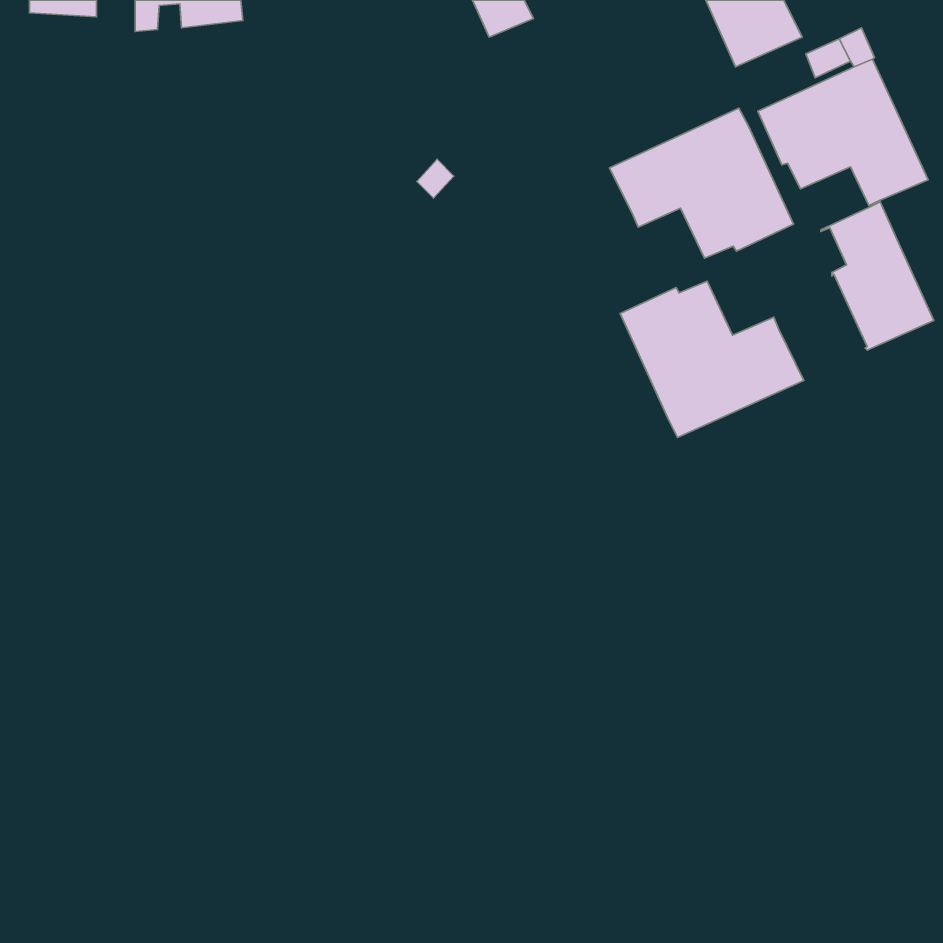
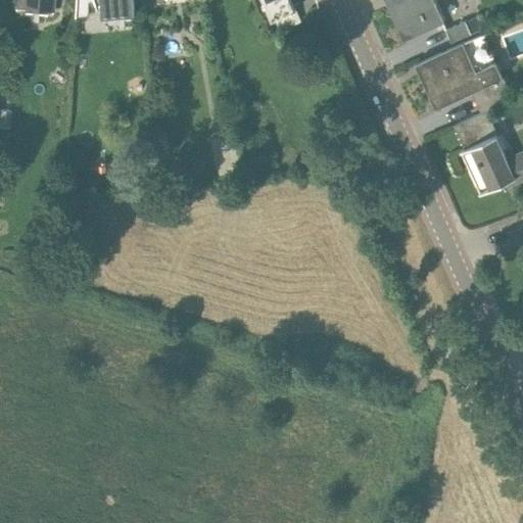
building: [609,108,794,258] -> none
building: [620,281,804,438] -> none

